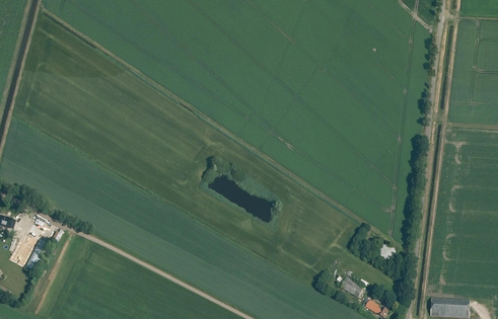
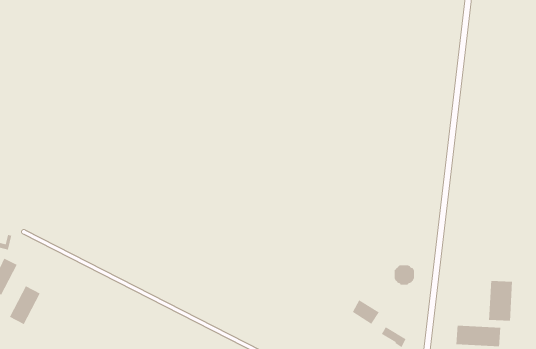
building: none -> [488,280,513,322]
building: none -> [9,285,41,325]

